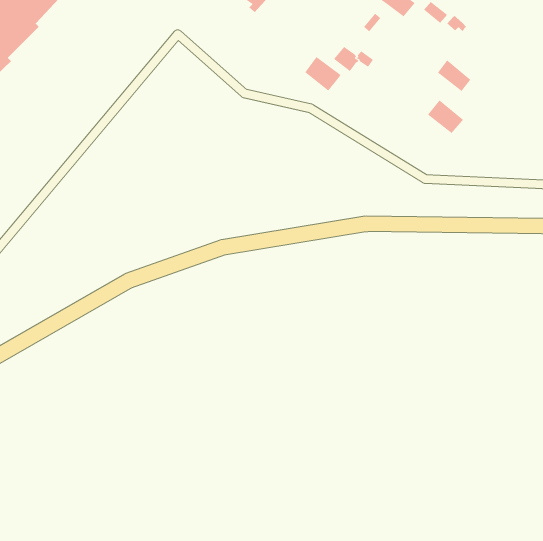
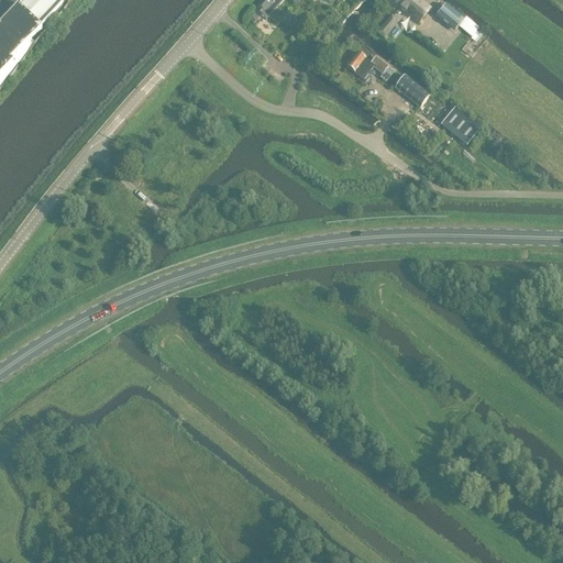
building: [304,56,341,91] -> none
building: [437,60,471,92] -> [390,70,426,103]

